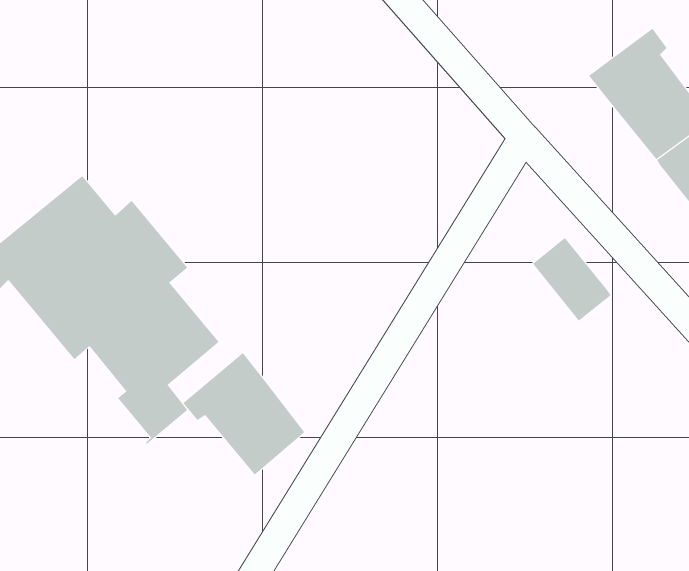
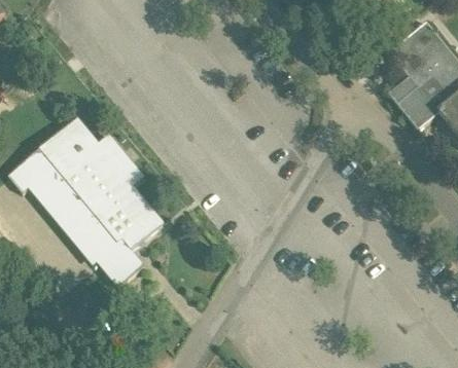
building: [532,237,611,322] -> [386,75,435,127]
building: [183,352,305,475] -> none

